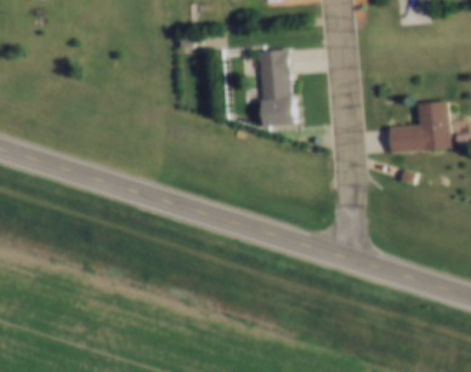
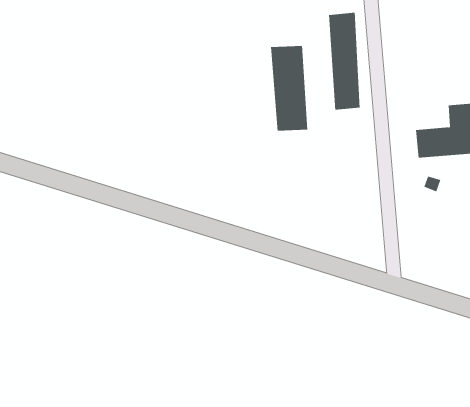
building: none -> [329,12,360,111]

